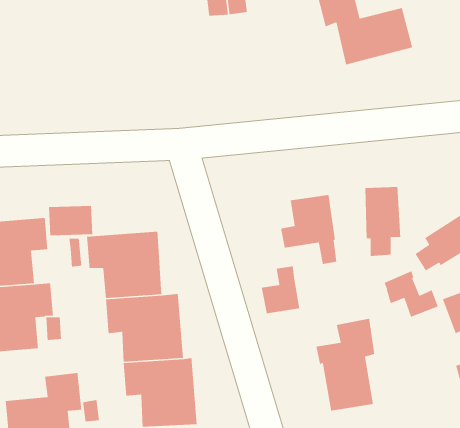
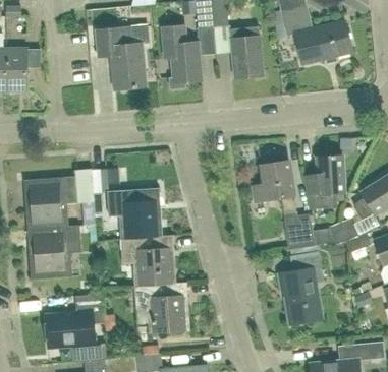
building: none -> [162,24,202,88]
building: none -> [96,26,149,90]
building: none -> [230,35,263,78]
building: [261,265,300,314] -> [284,213,314,250]

